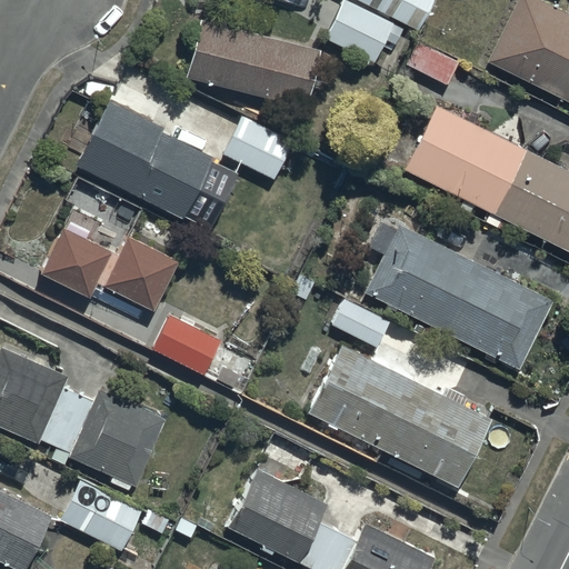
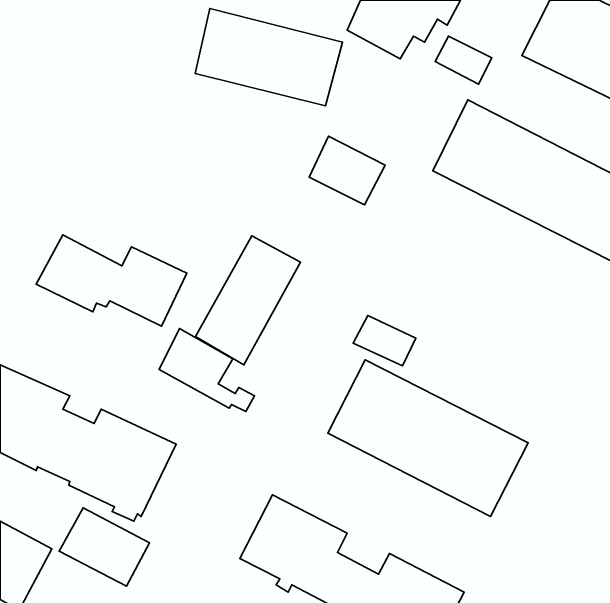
building: [74,102,213,219] -> none
building: [223,119,293,182] -> [309,136,385,205]
building: [366,221,556,371] -> none
building: none -> [196,236,301,365]

